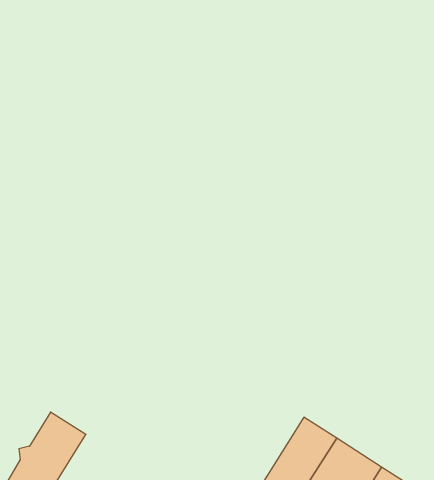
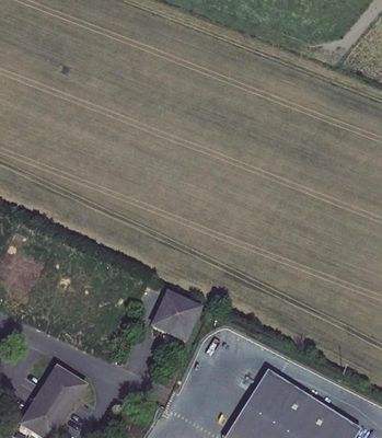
building: none -> [152,291,198,338]

